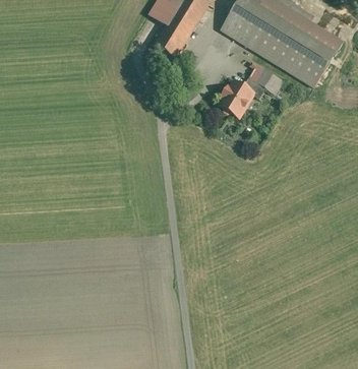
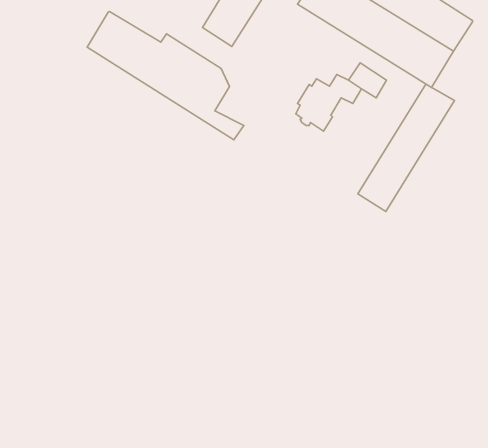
building: none -> [87,11,244,140]
building: none -> [358,84,454,212]

